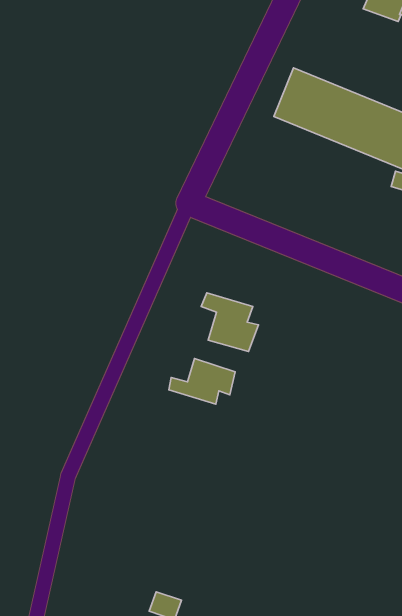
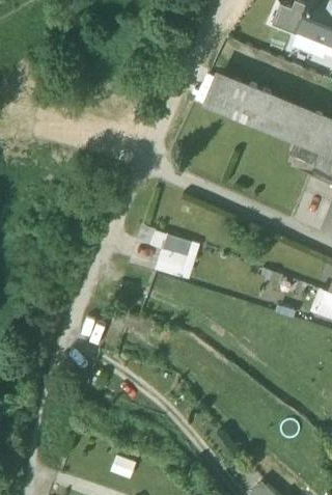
building: [169,359,235,404] -> none

